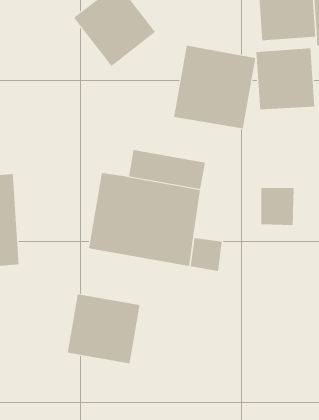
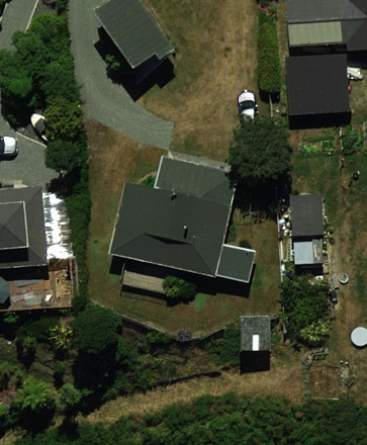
building: [173,45,256,129] -> none
building: [67,293,140,364] -> none

